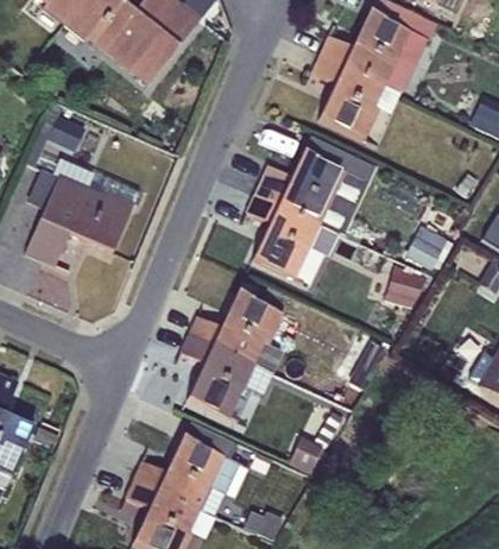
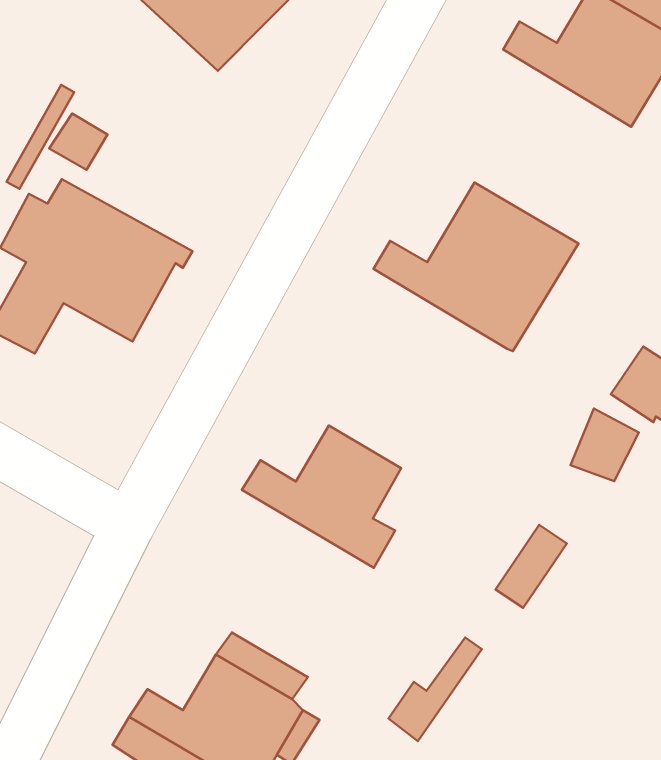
building: [311,53,402,140] -> none
building: [246,194,340,286] -> none
building: [179,335,272,422] -> none

